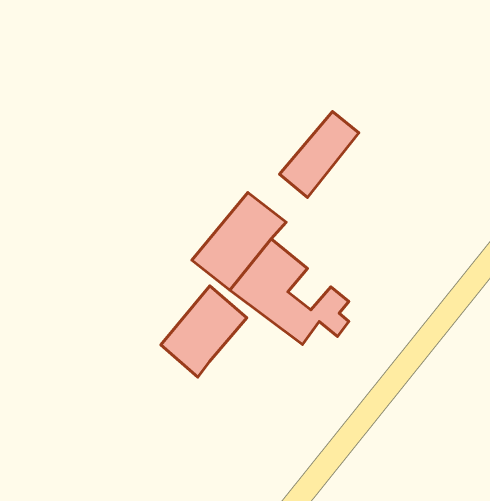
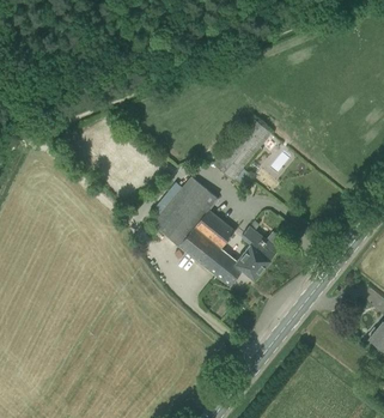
building: none -> [240,220,278,269]
building: [161,286,247,377] -> none

